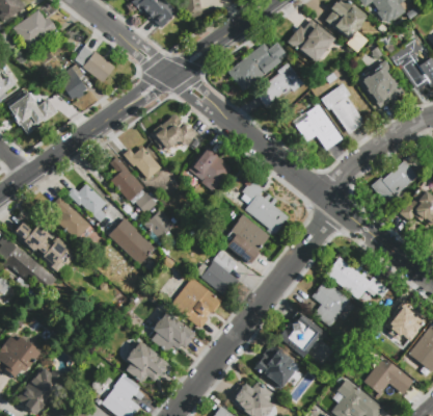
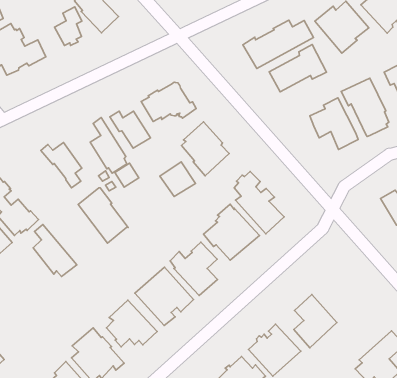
building: [54,199,96,241] -> [33,224,77,277]
building: [143,208,175,239] -> [160,162,196,196]
building: [325,256,388,298] -> none

